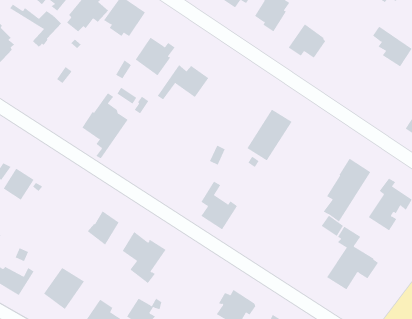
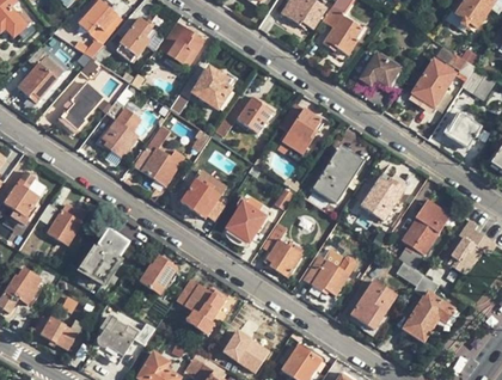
building: none -> [408,59,457,114]
building: none -> [57,80,104,134]
building: none -> [277,102,320,157]
building: none -> [100,109,141,158]
building: none -> [447,111,484,147]
building: none -> [182,170,228,220]
building: none -> [361,173,409,220]
building: none -> [225,197,269,246]
building: none -> [79,229,129,283]
building: none -> [305,252,355,295]
building: none -> [348,281,397,337]
building: none -> [220,325,271,369]

